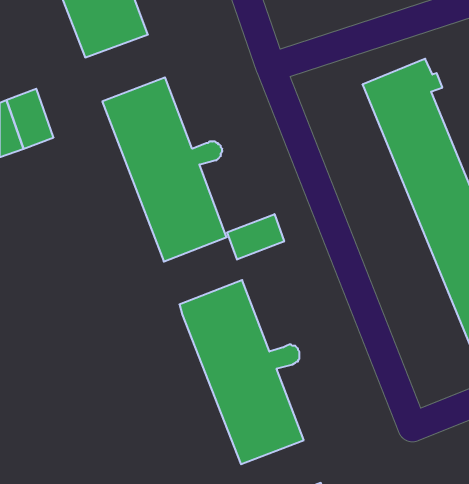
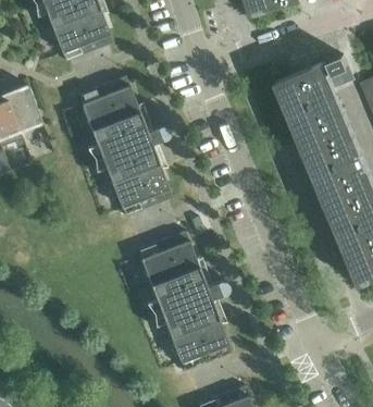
building: [227,214,284,260] -> none

